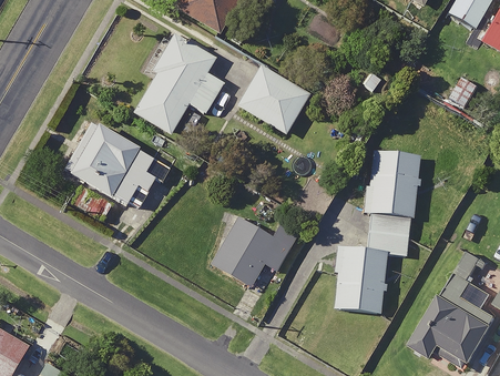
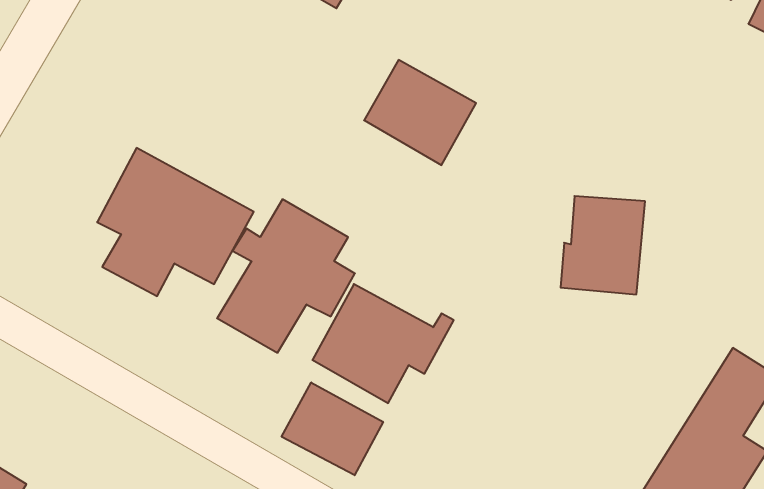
building: [134,35,223,134] -> [217,199,355,353]
building: [335,230,408,314] -> none
building: none -> [282,382,383,475]

